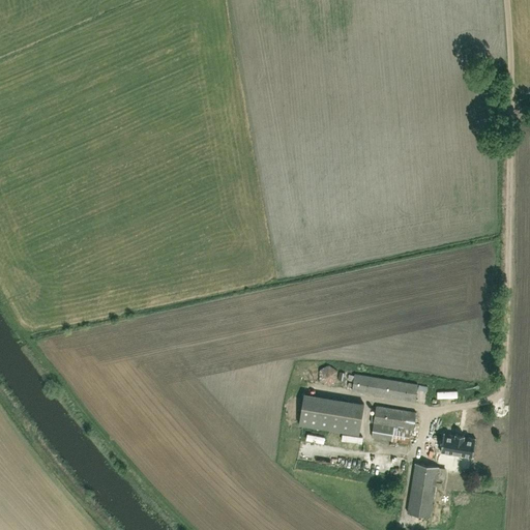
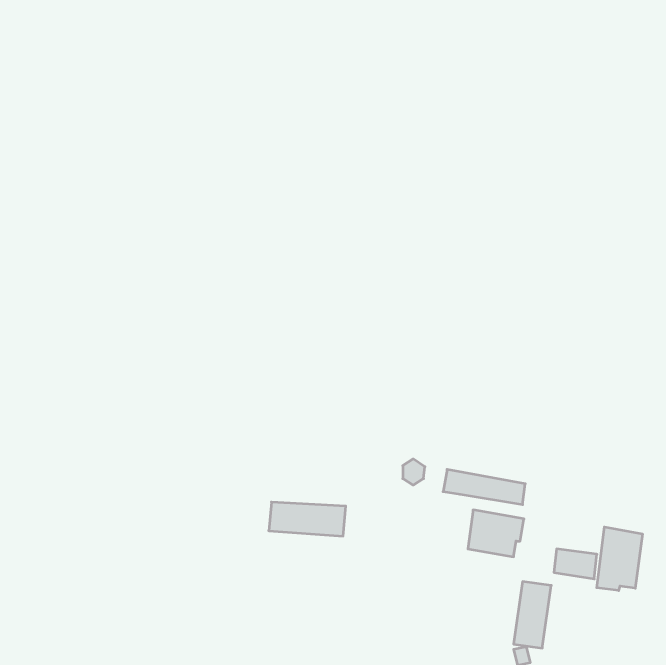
building: [299,401,360,428] -> [269,502,346,536]
building: none -> [597,527,642,591]

